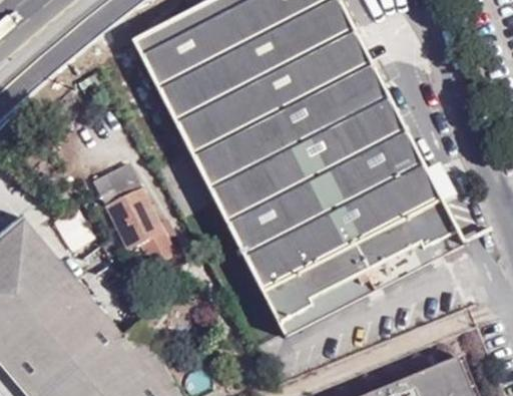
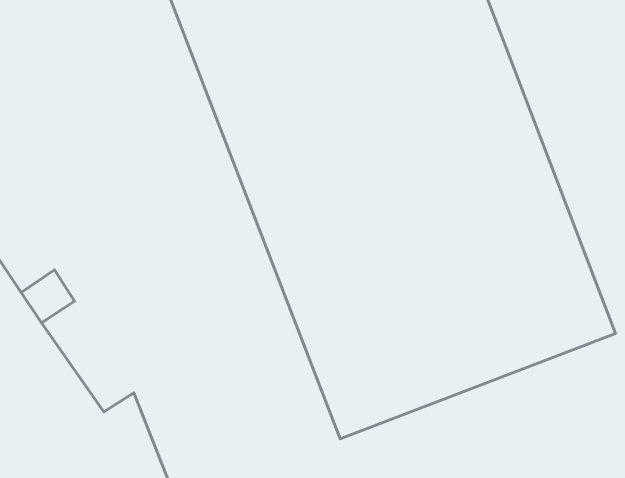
building: [91,160,172,264] -> none

